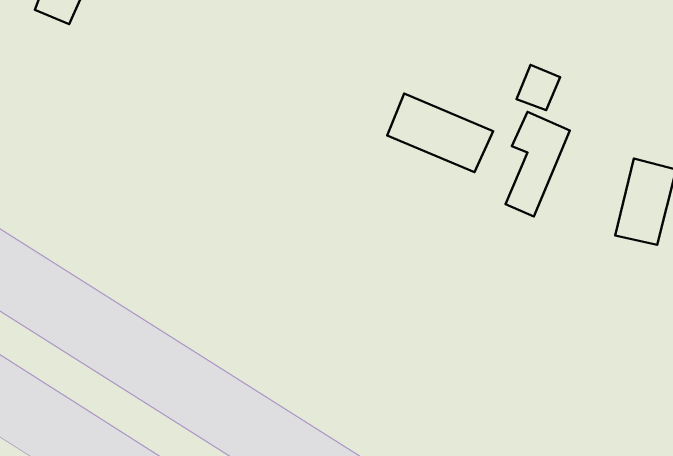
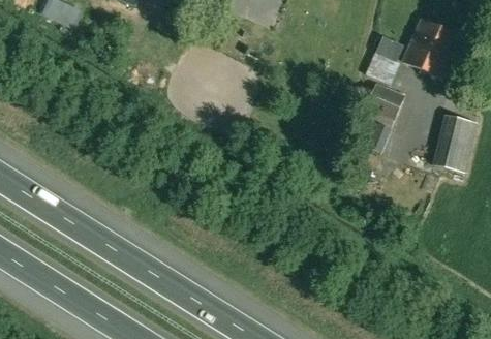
building: none -> [403,19,461,79]
building: [387,93,493,172] -> none

